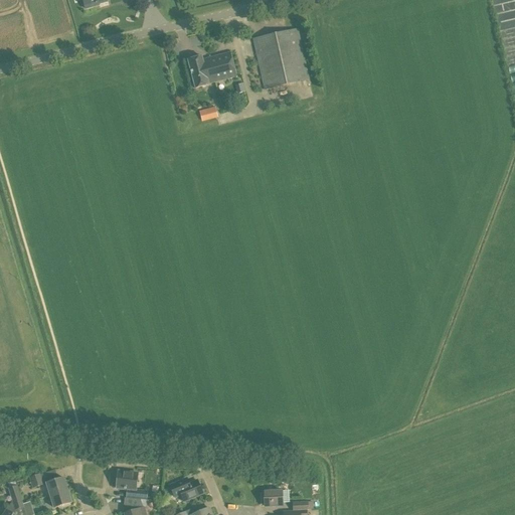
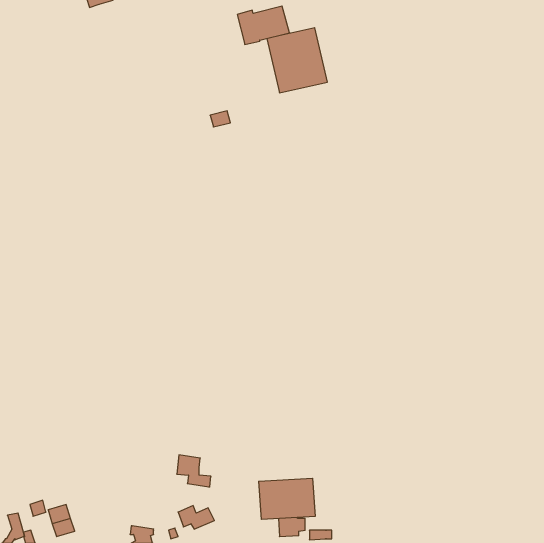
building: [187,50,236,87] -> [237,6,290,44]
building: none -> [259,478,315,519]
building: [115,469,147,499] -> [177,455,211,487]

